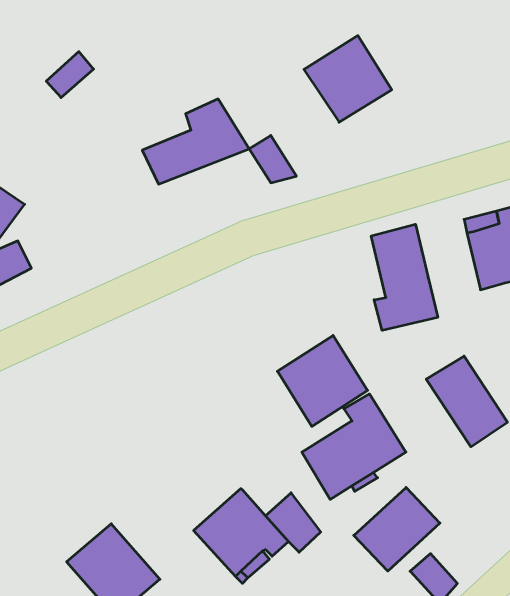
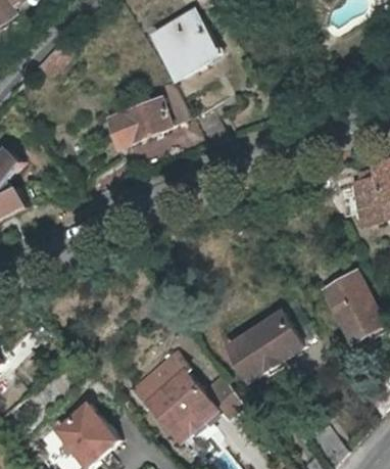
building: [304,36,392,122] -> [151,10,217,76]
building: [371,224,438,330] -> none
building: [277,335,368,426] -> none
building: none -> [134,354,188,405]
building: [354,487,440,571] -> none

